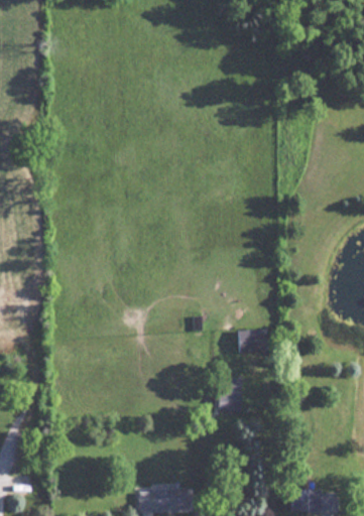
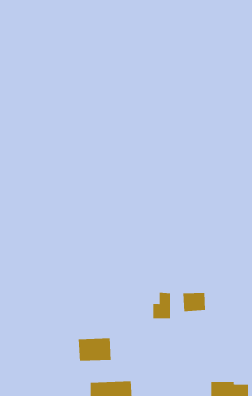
building: [238,330,267,354] -> [183,292,206,312]
building: none -> [78,338,111,362]

